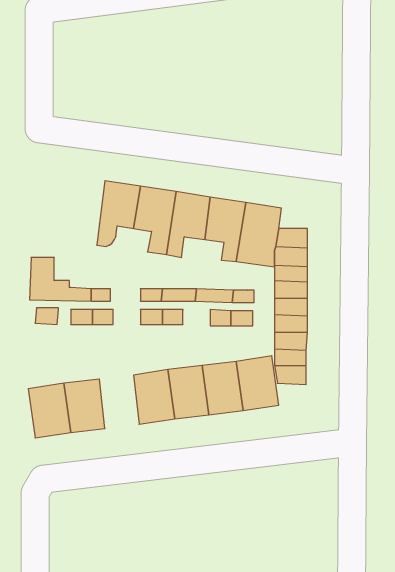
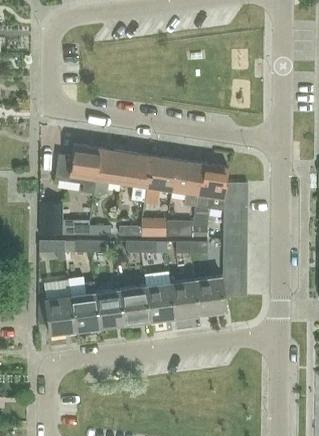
building: none -> [54,144,98,194]
building: none -> [94,289,123,328]

